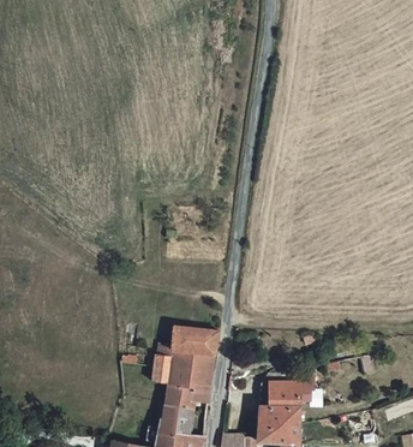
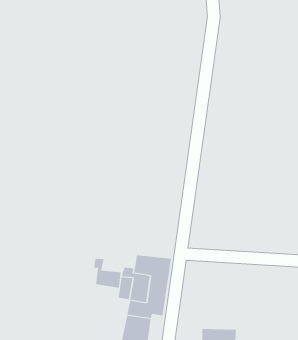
building: none -> [93,258,121,288]
building: [257,370,319,421] -> none

